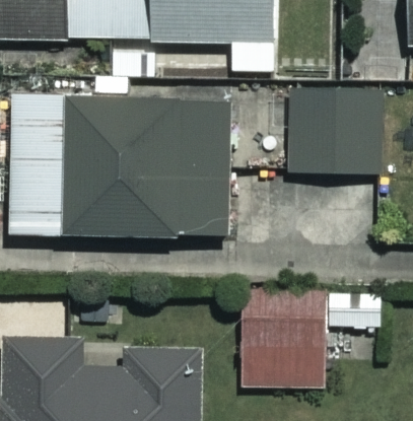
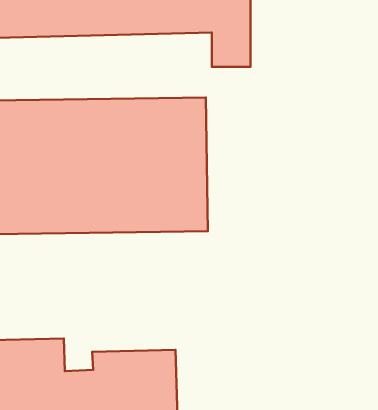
building: [291,87,381,168] -> none
building: [244,284,327,393] -> none

